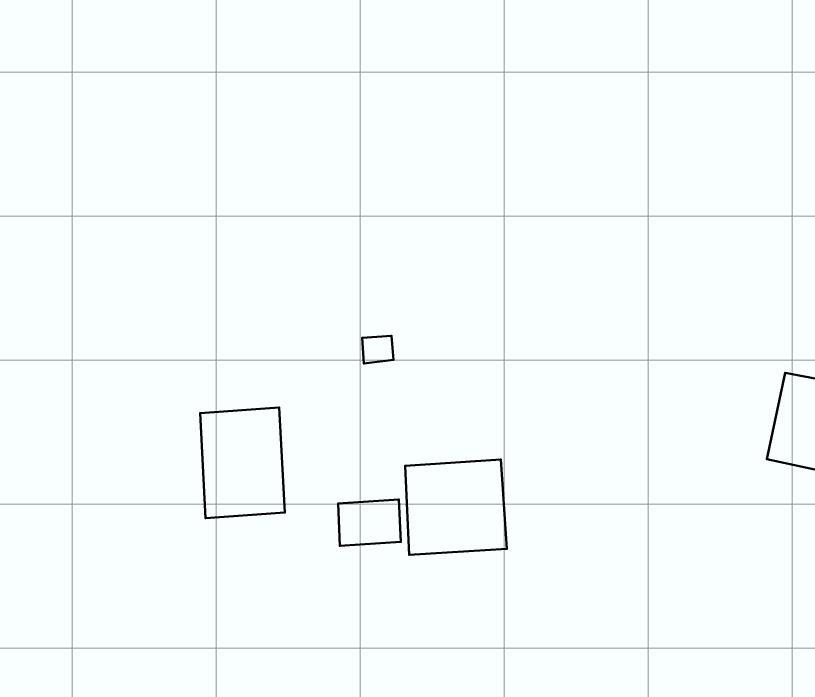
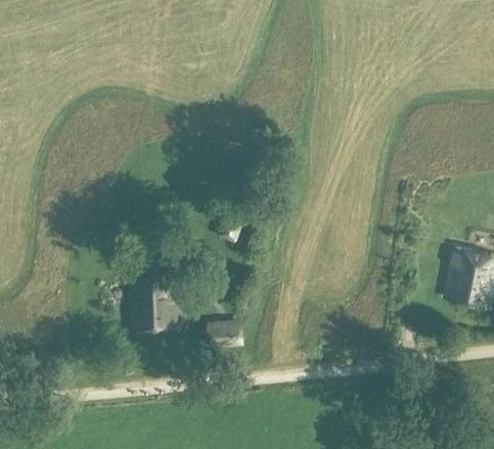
building: [405,460,507,555] -> none

